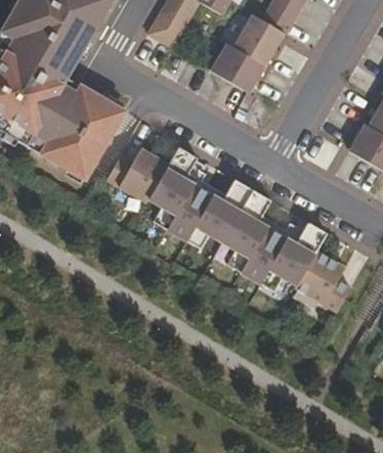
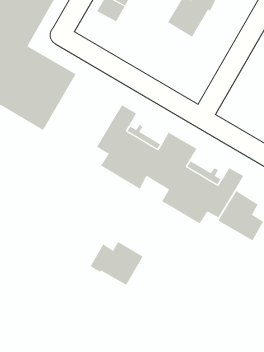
building: [212,43,265,92] -> none
building: [108,148,169,201] -> none
building: none -> [90,241,143,286]

